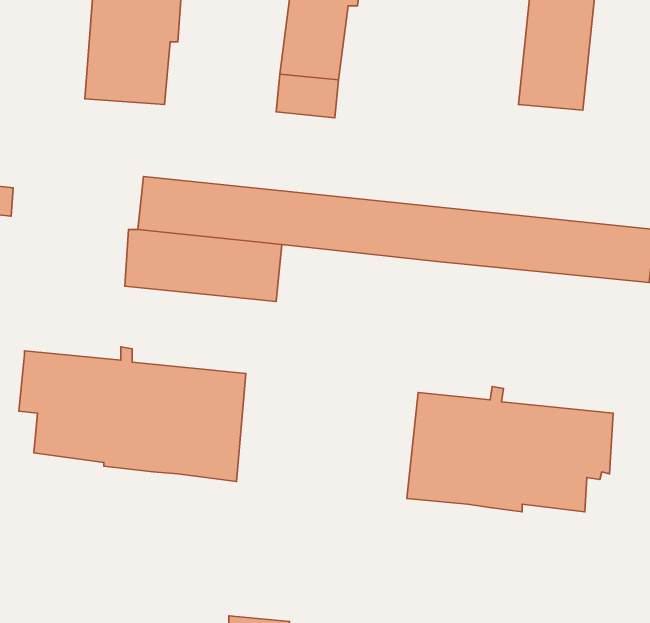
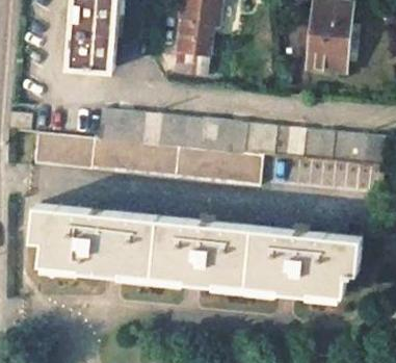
building: none -> [34,132,94,170]
building: none -> [175,147,263,187]
building: none -> [153,214,253,286]

